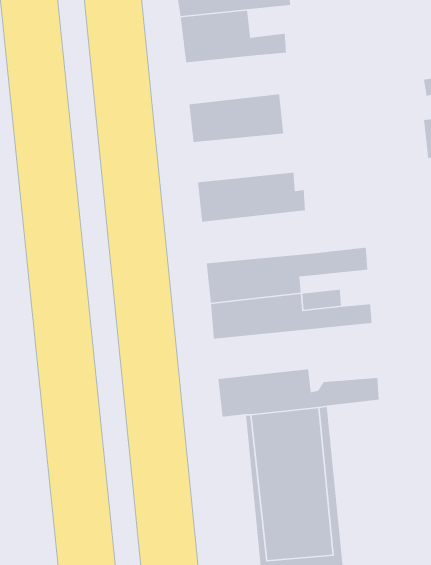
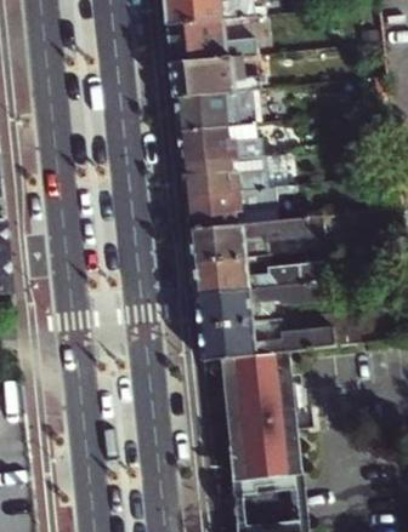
building: none -> [170,53,259,93]
building: none -> [176,119,261,159]
building: none -> [183,181,296,227]
building: none -> [193,278,329,324]

